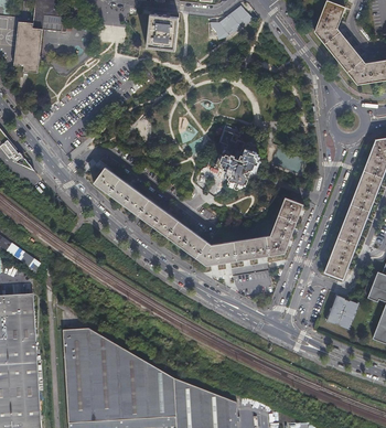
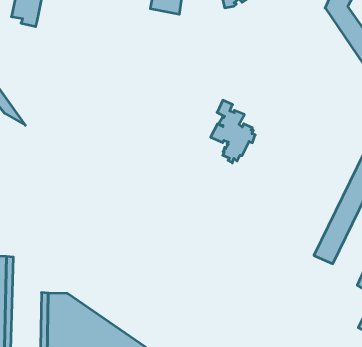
building: [94,167,303,265] -> none
building: [328,295,357,328] -> none

